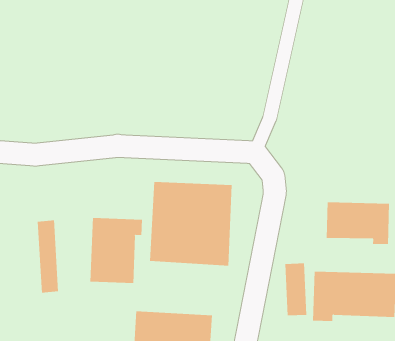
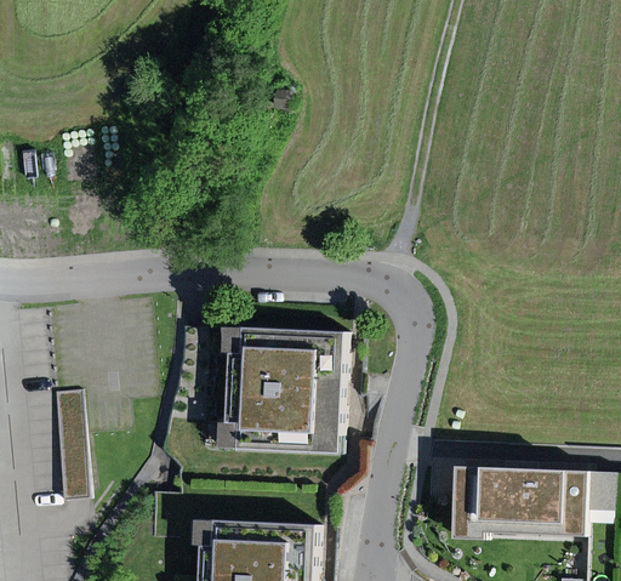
building: [326,201,389,245] -> none
building: [90,217,142,284] -> none

